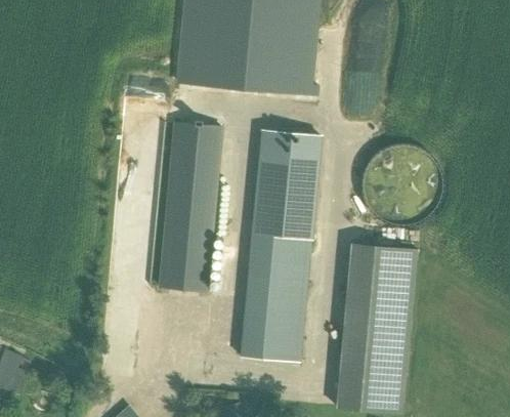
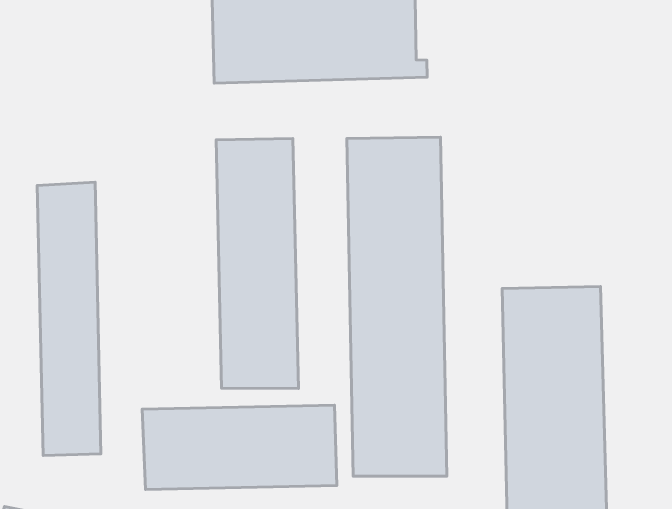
building: none -> [37,182,101,456]
building: none -> [142,405,337,490]

